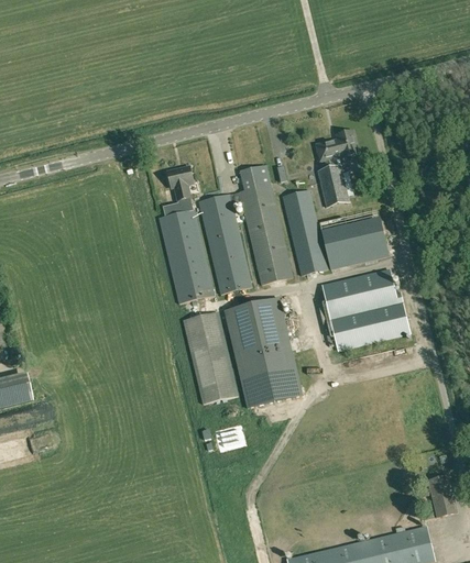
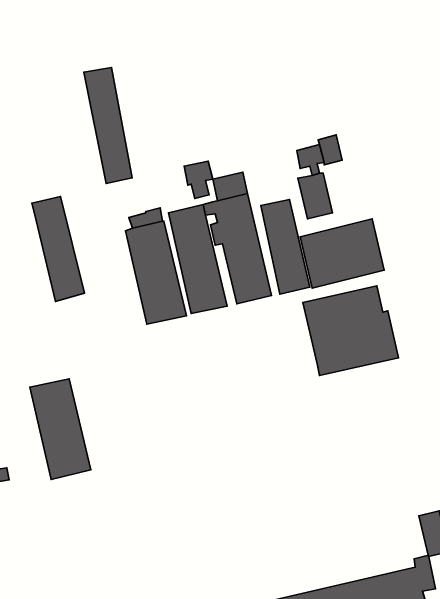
building: none -> [84,68,132,183]
building: [167,166,194,200] -> [184,161,213,198]
building: none -> [32,197,85,301]
building: [223,297,302,408] -> none
building: [182,312,238,405] -> [30,379,91,479]

